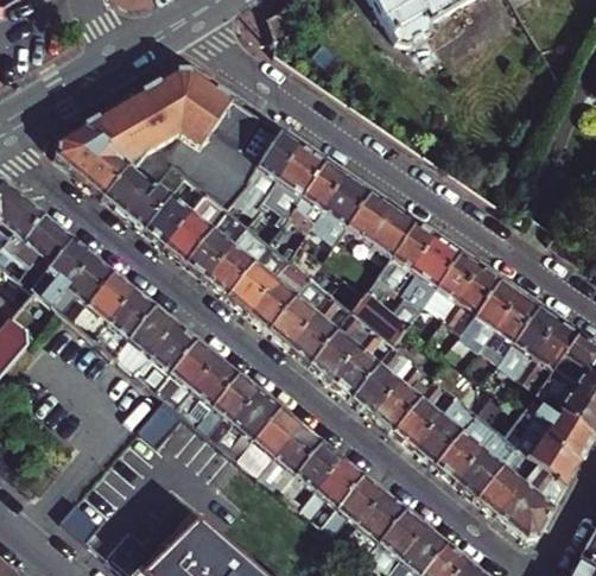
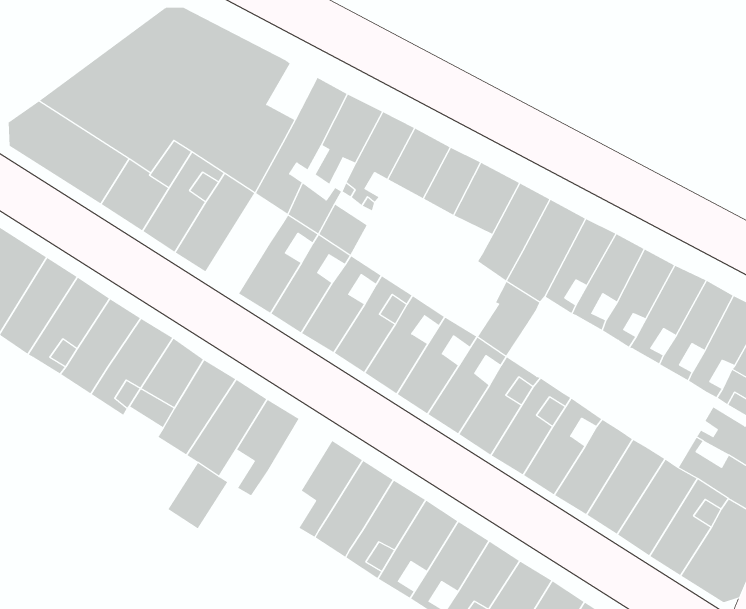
building: [186,208,249,278] -> none
building: [353,274,399,328] -> none
building: [201,372,262,441] -> none

